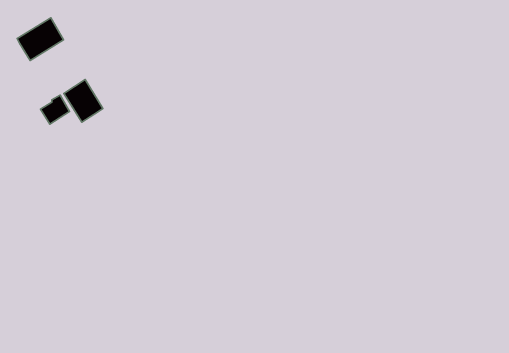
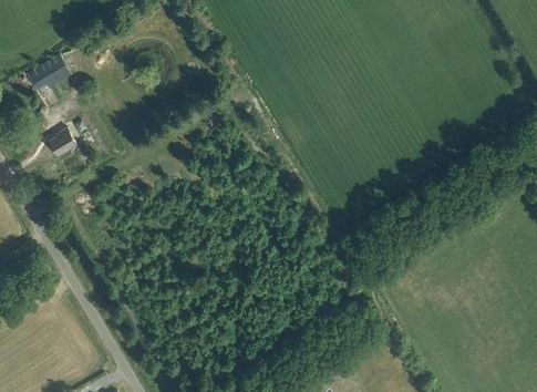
building: [64,80,103,122] -> none

